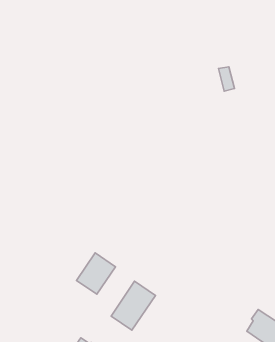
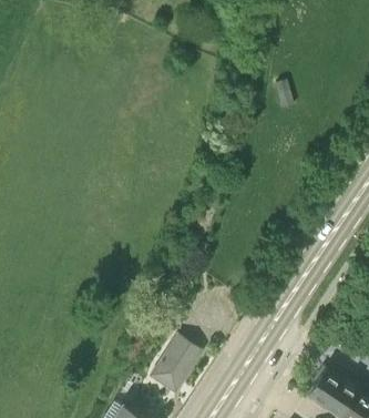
building: [76,253,116,294] -> none

